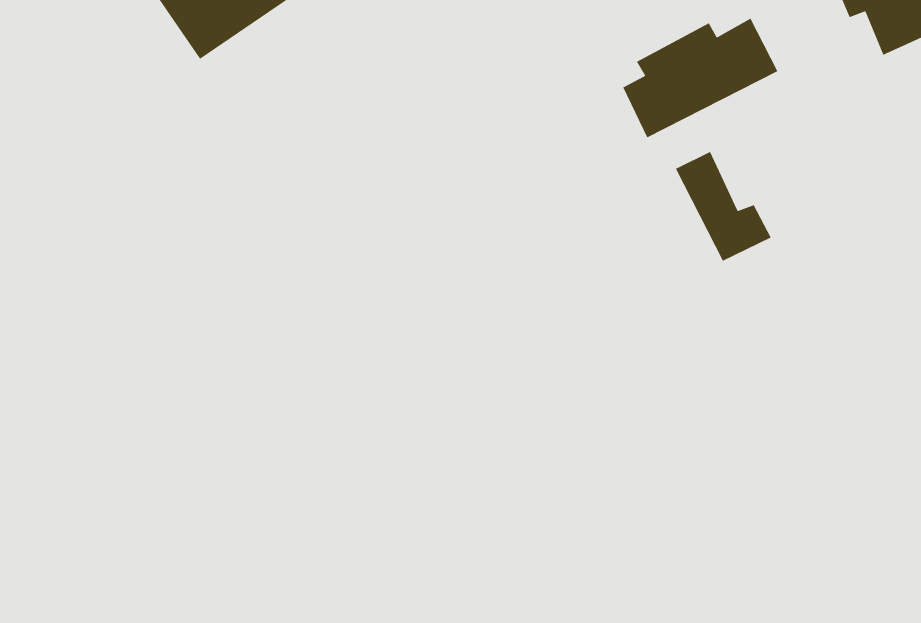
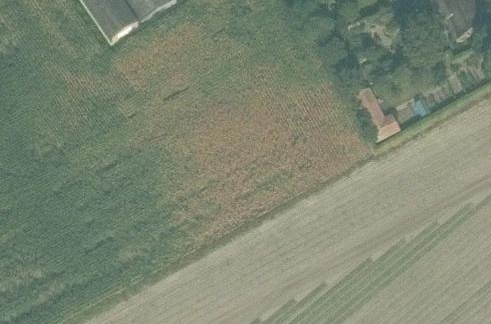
building: [622,18,778,139] -> none

